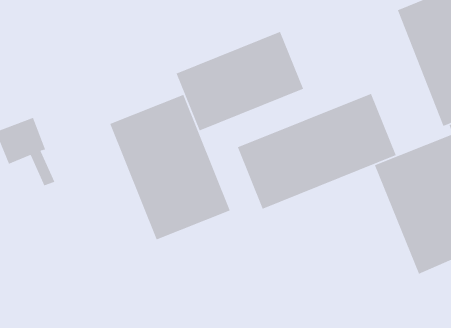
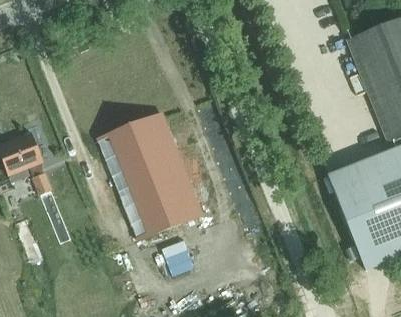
building: [175,31,304,132] -> none
building: [237,93,397,210] -> none

